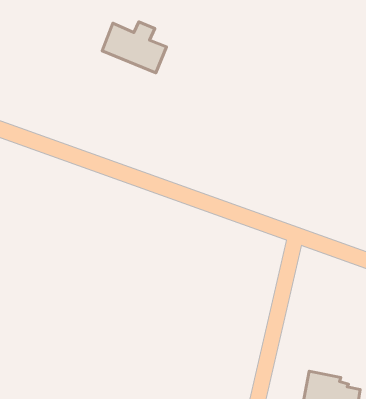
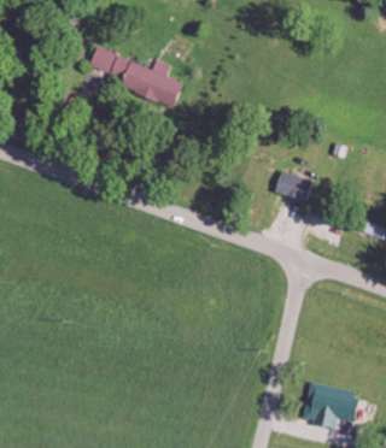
building: none -> [87,46,124,78]
building: none -> [275,171,314,201]

